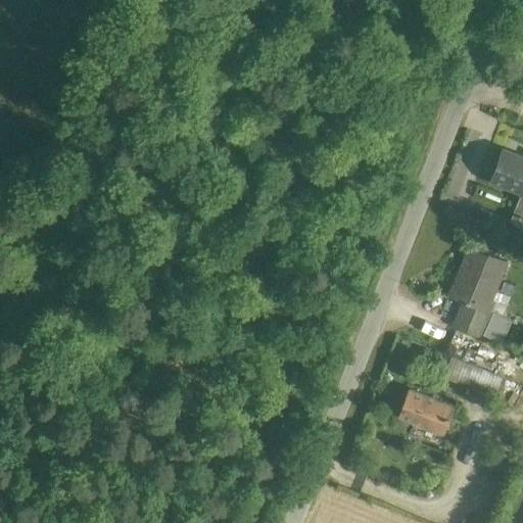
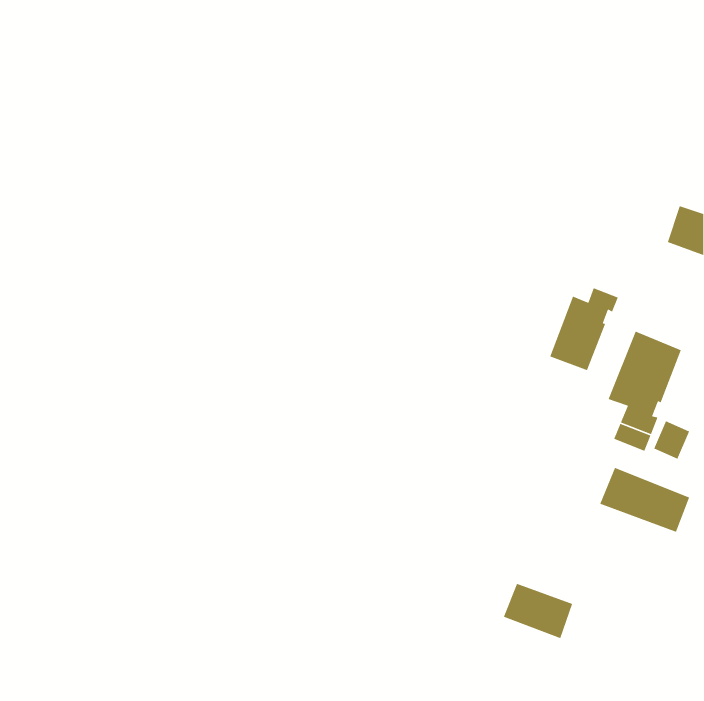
building: none -> [549,287,619,371]
building: [401,392,454,434] -> [503,583,573,639]

